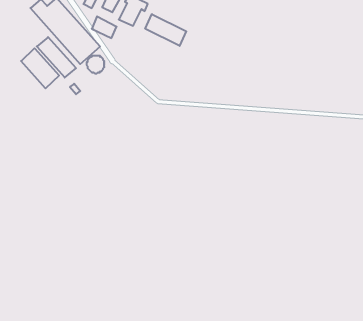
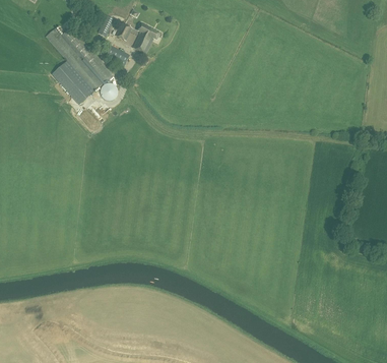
building: [145,14,186,46] -> none
building: [21,48,59,88] -> none

